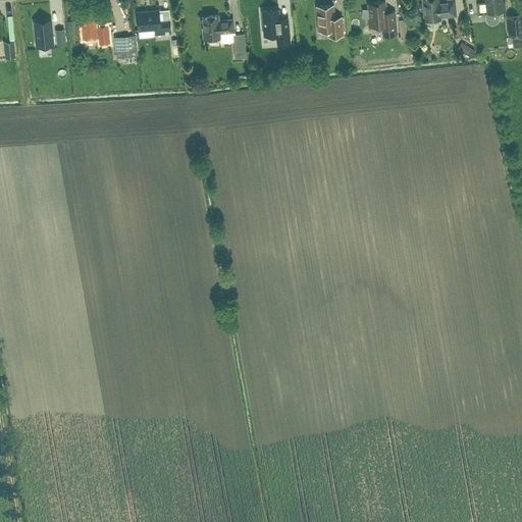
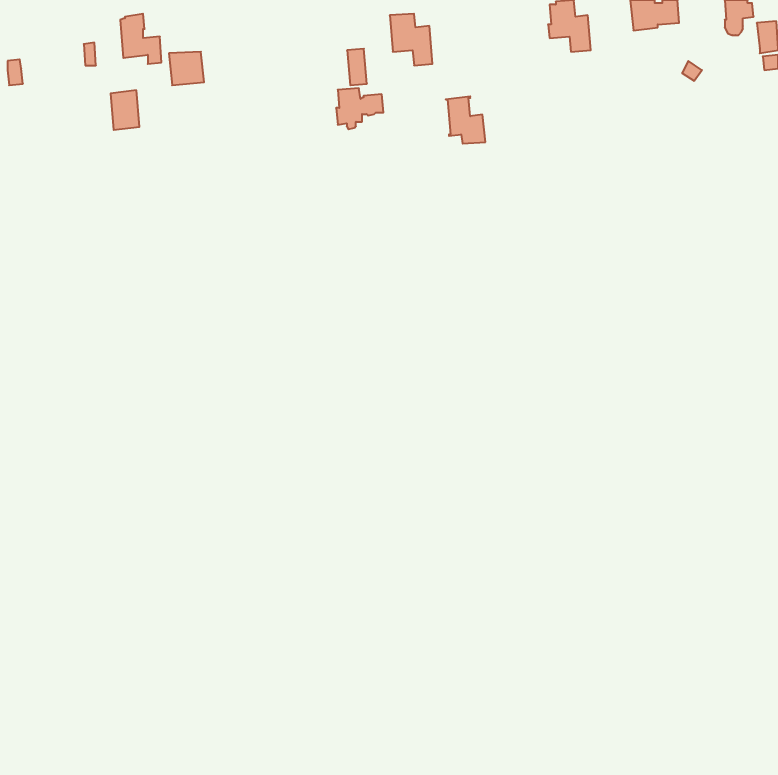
building: [316,6,343,38] -> [446,96,485,144]
building: [136,11,170,37] -> none
building: [202,16,233,44] -> [336,88,383,129]
building: [34,21,53,48] -> [111,90,139,130]

